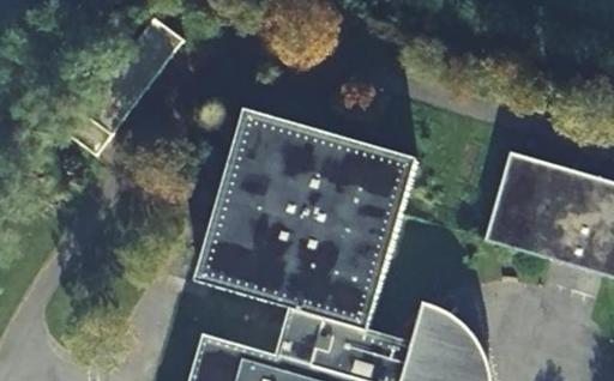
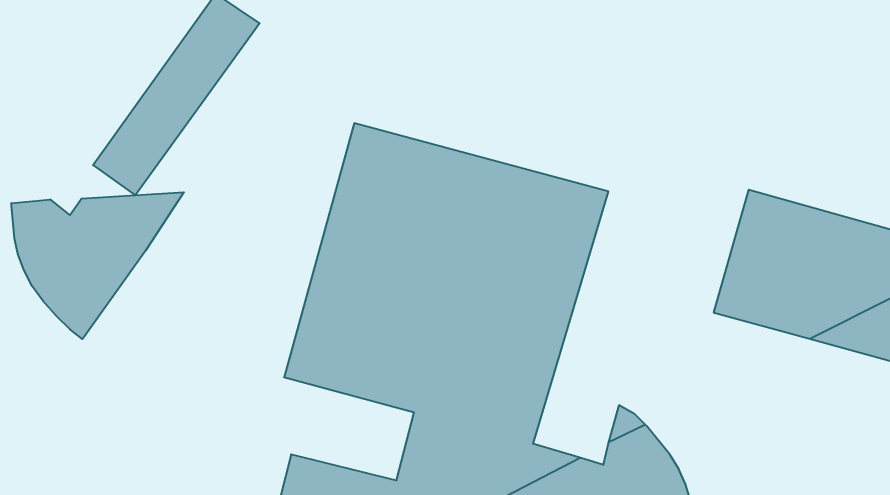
building: none -> [11,192,184,339]

